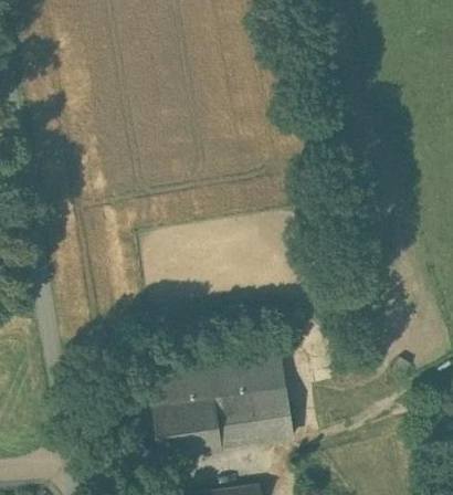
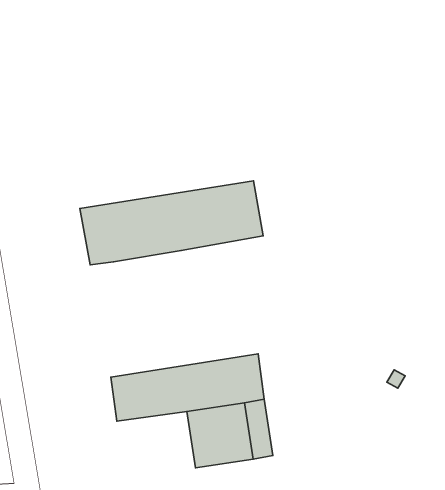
building: none -> [80,181,263,265]
building: [152,398,223,457] -> none

